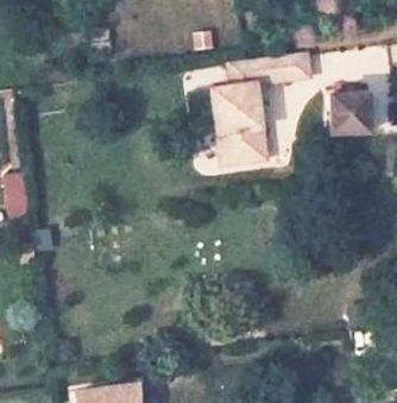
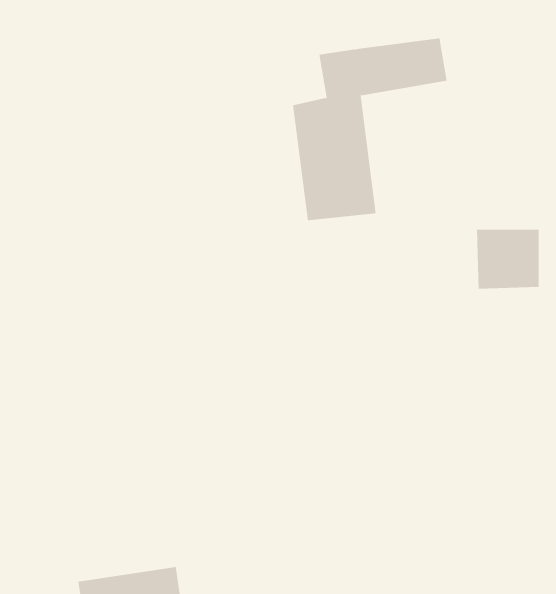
building: [332,92,372,130] -> [476,229,540,289]

